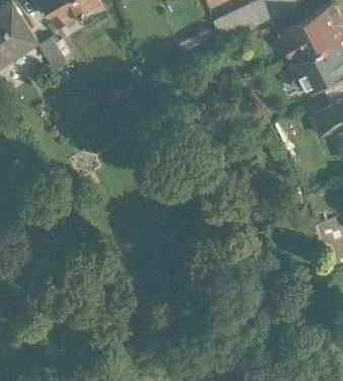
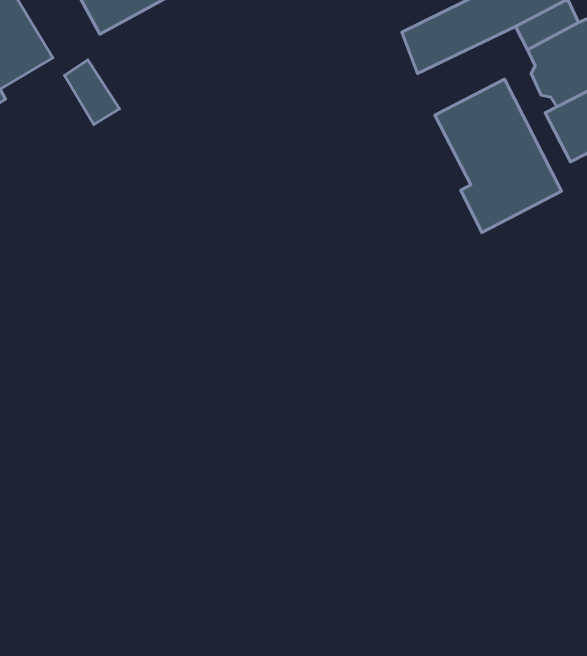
building: none -> [435,79,561,232]

